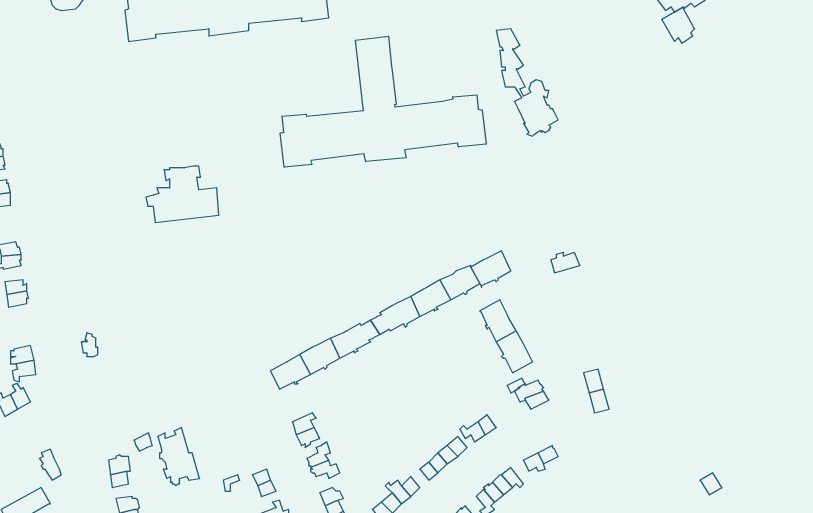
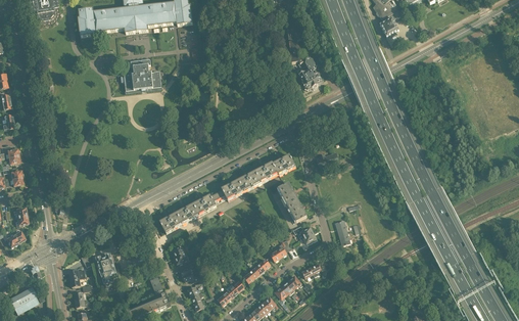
building: [280,36,486,167] -> none
building: [146,166,219,223] -> [120,59,160,91]

